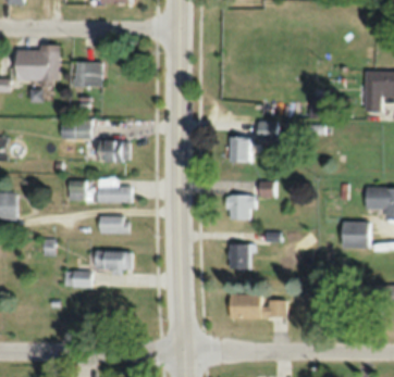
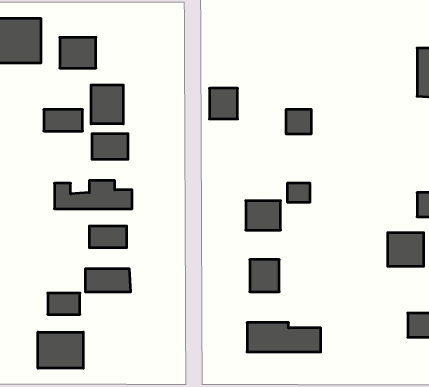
building: none -> [91,85,123,124]
building: [230,138,253,163] -> [209,88,238,119]
building: none -> [38,332,83,368]

